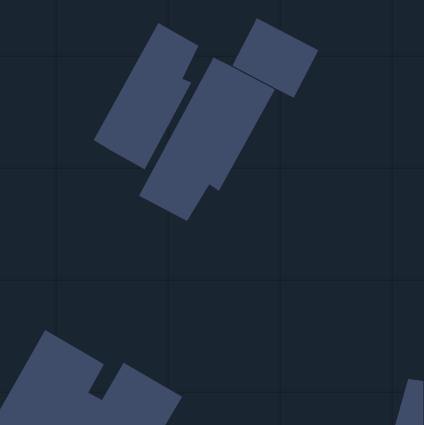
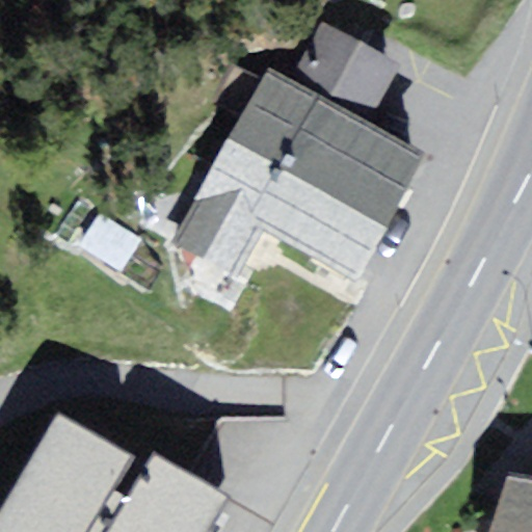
building: [93,22,199,170] -> none
building: none -> [273,112,423,283]

